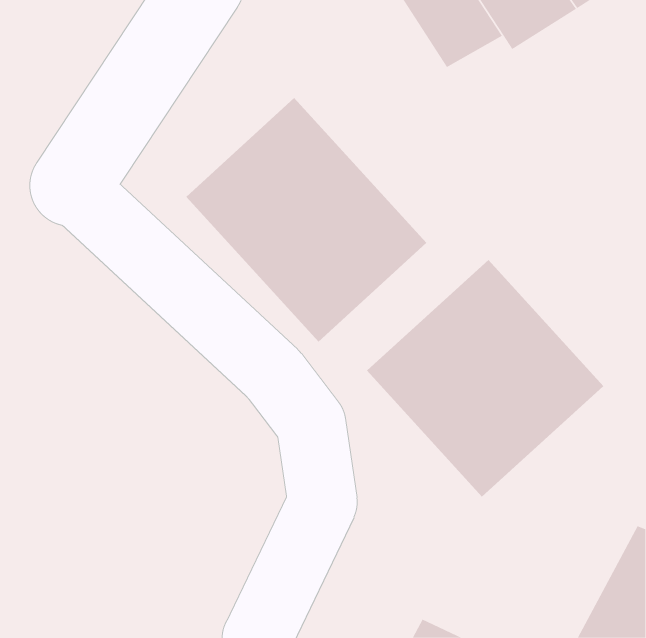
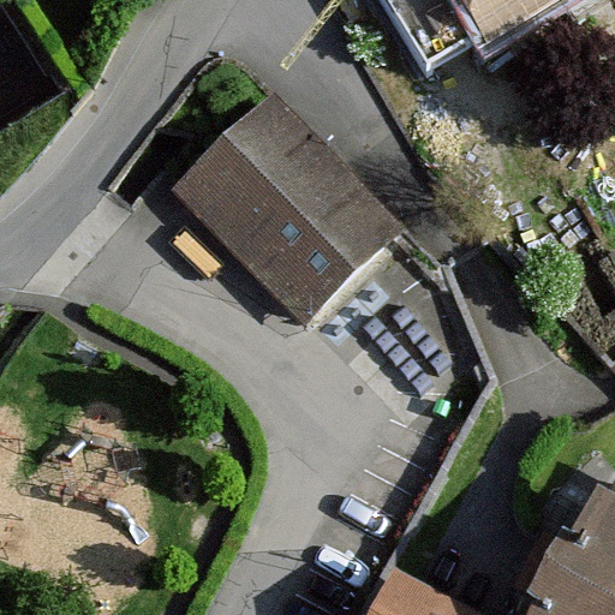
building: [366,259,604,498] -> none

